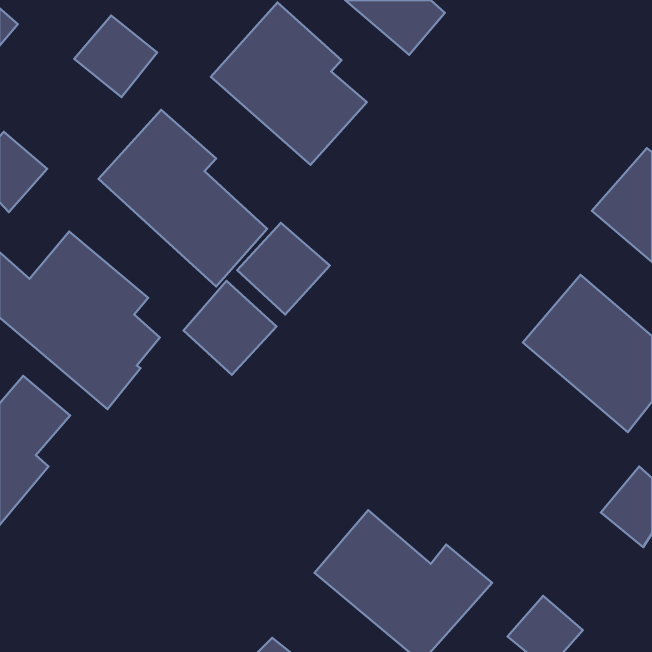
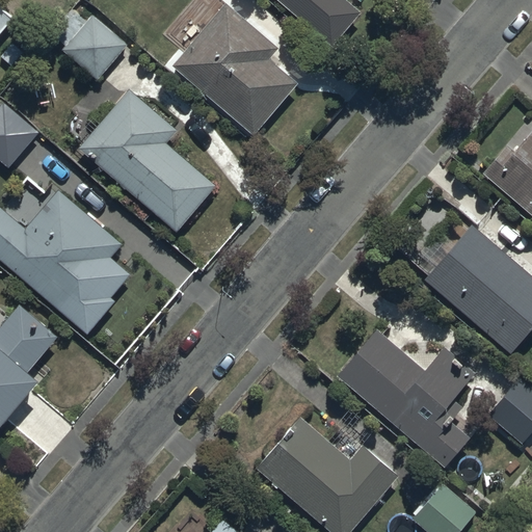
building: [237,223,330,314] -> none
building: [183,281,277,375] -> none
building: none -> [339,330,476,466]

